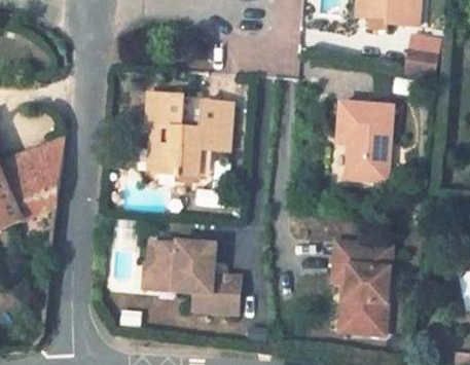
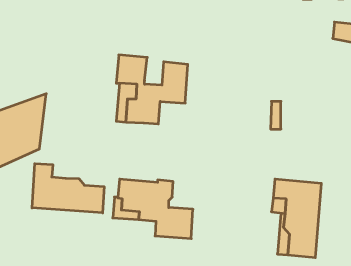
building: [337,102,393,183] -> none
building: none -> [32,164,104,213]

